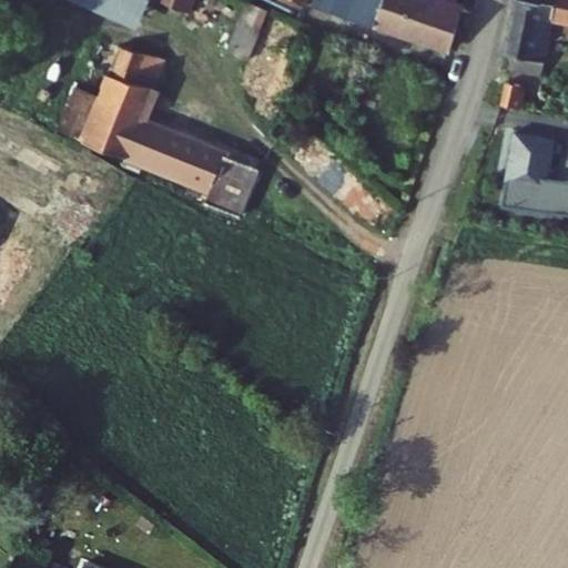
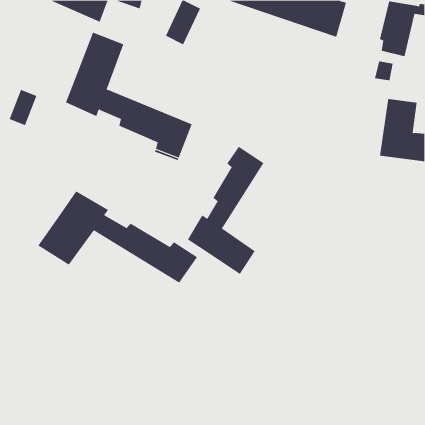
building: [64,89,102,138] -> [9,89,37,126]
building: none -> [187,146,264,275]
building: none -> [37,191,198,284]

